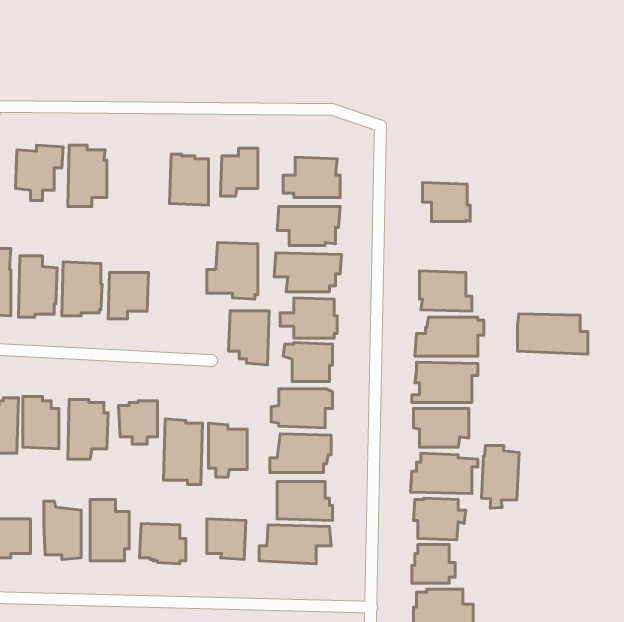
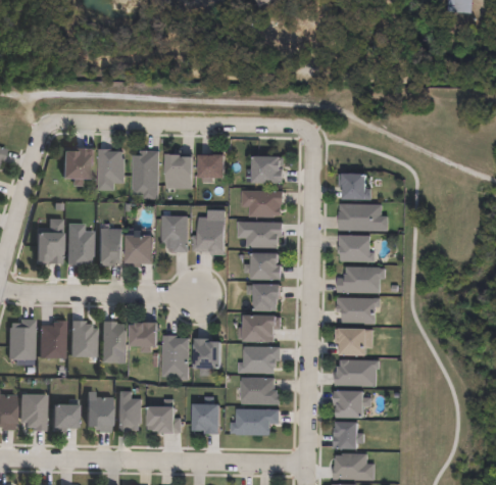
building: none -> [133,150,159,199]
building: [229,311,269,365] -> [162,215,190,252]
building: [517,314,588,354] -> [337,202,385,230]
building: [482,445,519,508] -> none

